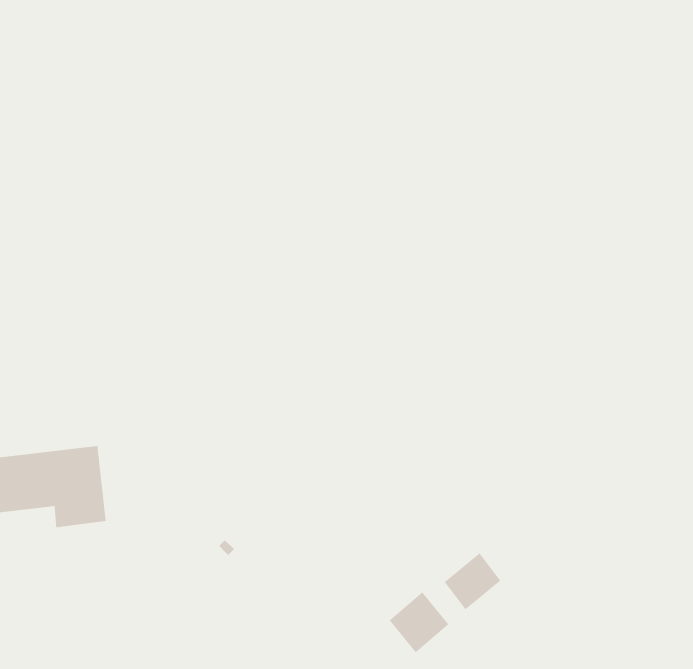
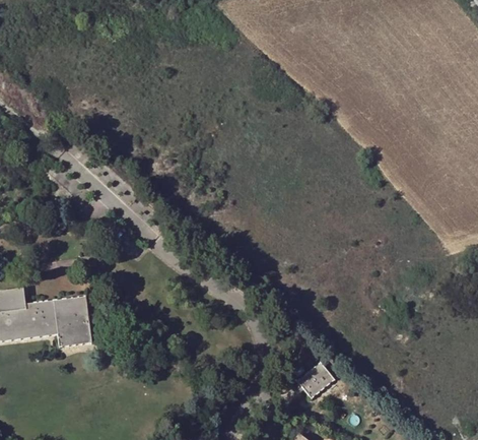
building: [389,591,449,653] -> none

